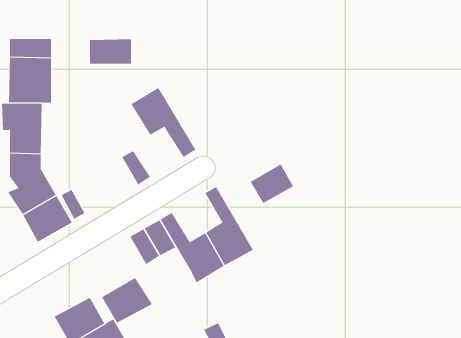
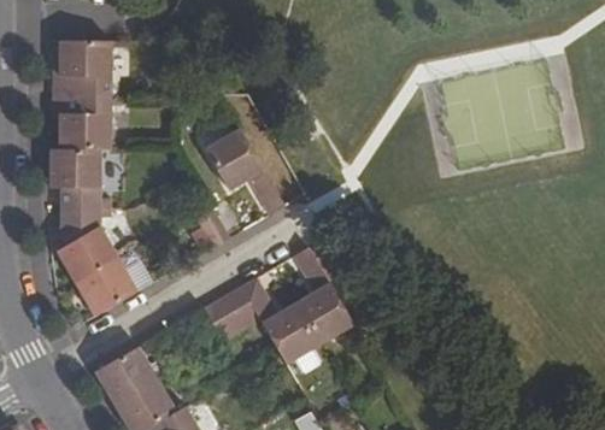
building: [89,39,132,64] -> [60,42,111,72]
building: [250,163,294,204] -> none
building: [101,277,153,324] -> [95,348,157,404]

